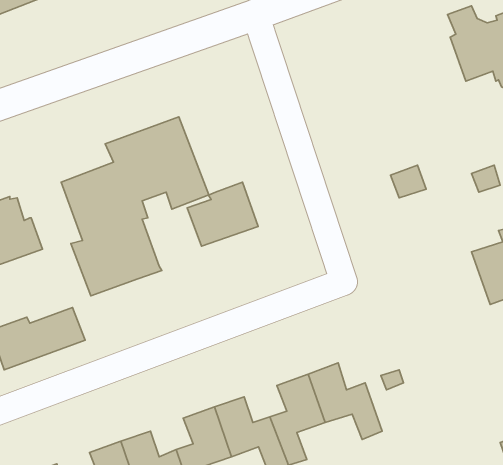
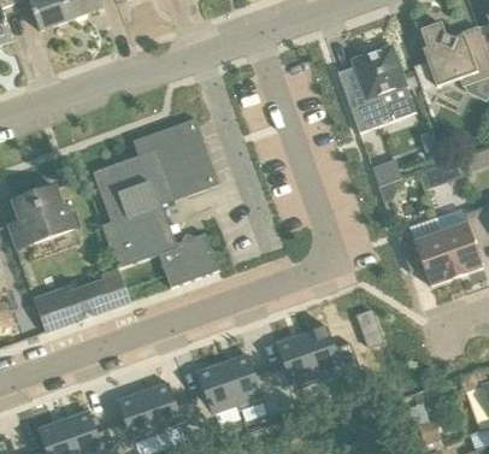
building: none -> [337,46,407,132]
building: [187,182,258,246] -> [158,232,218,287]
building: none -> [397,218,456,285]

